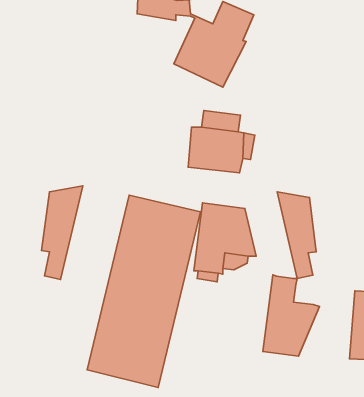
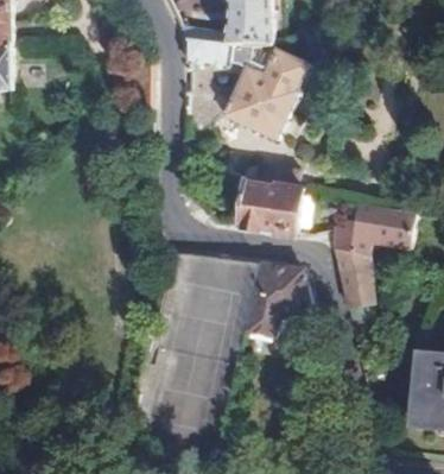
building: none -> [330,200,413,257]
building: [42,186,83,279] -> none
building: [263,275,320,356] -> none

